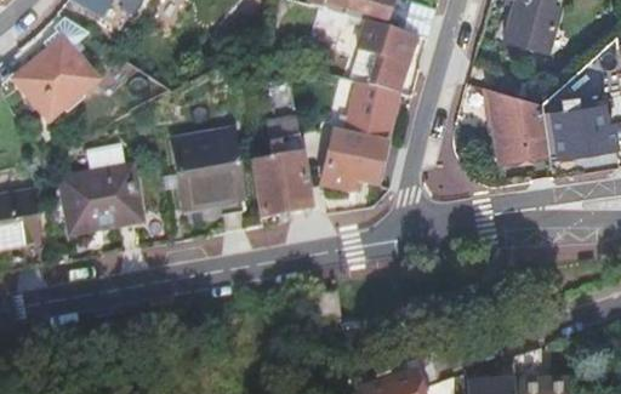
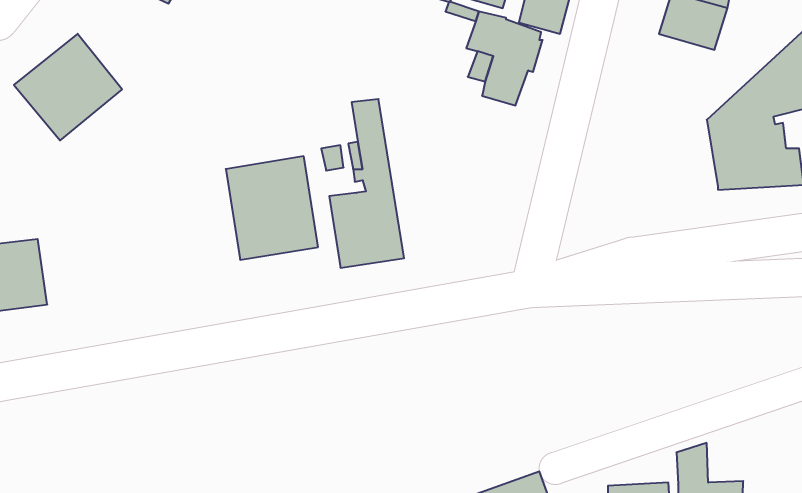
building: [321,81,398,190] -> none
building: [486,87,549,161] -> none
building: [61,164,141,232] -> none

